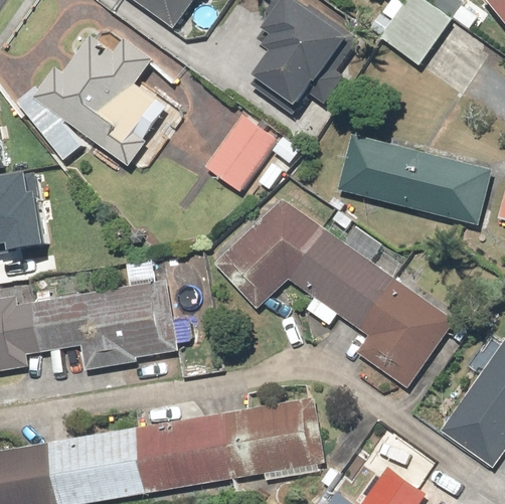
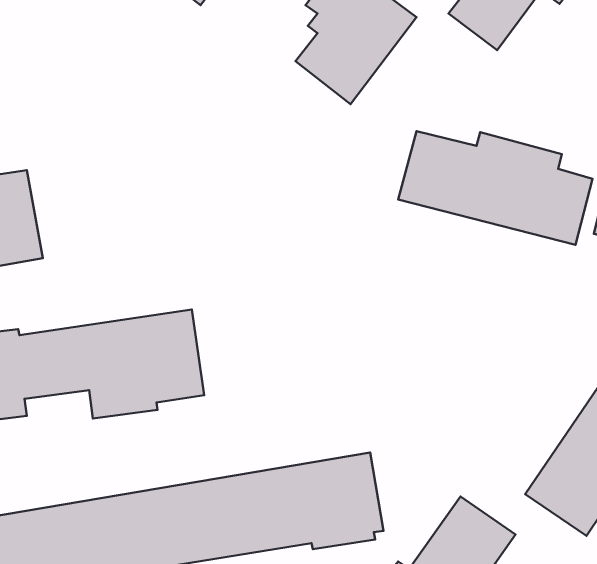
building: [16,35,169,167] -> none
building: [204,114,277,192] -> none
building: [214,197,456,390] -> none

